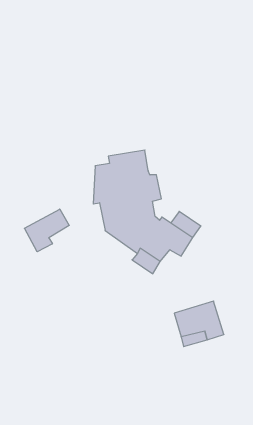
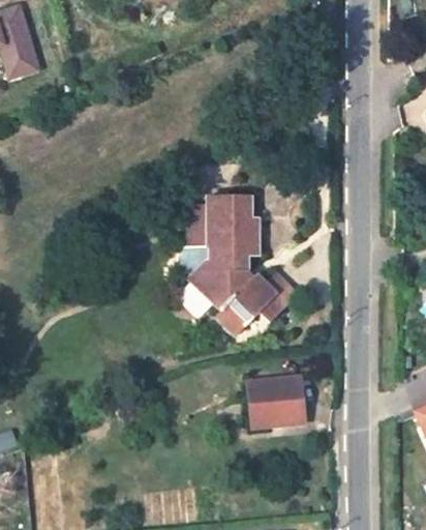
building: [24,209,69,252] -> none

